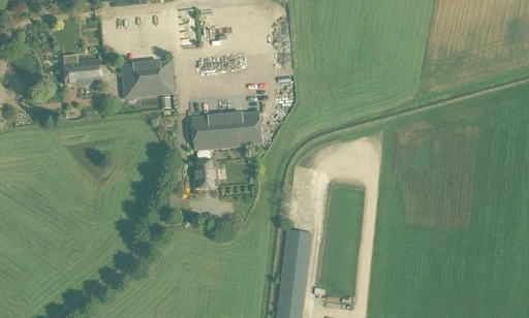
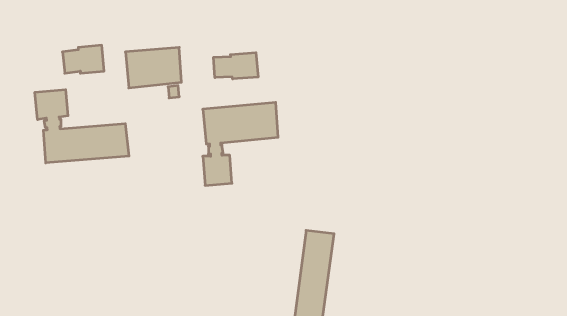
building: none -> [214,53,258,79]
building: none -> [35,90,129,163]

